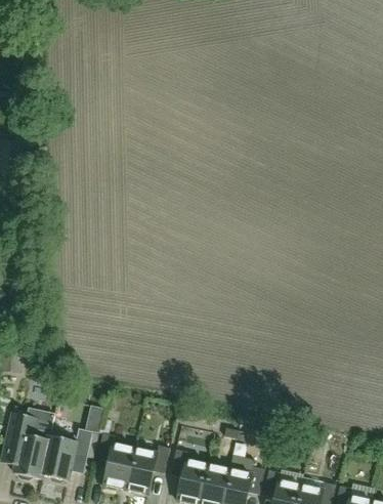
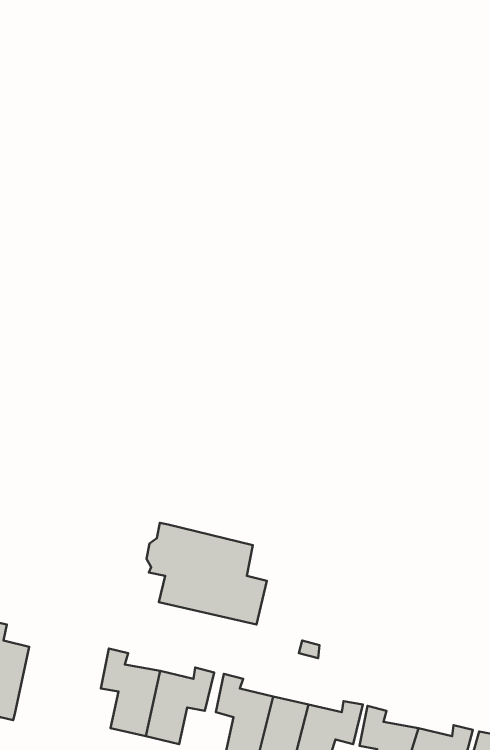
building: none -> [147,523,267,624]
building: [41,427,92,481] -> none

